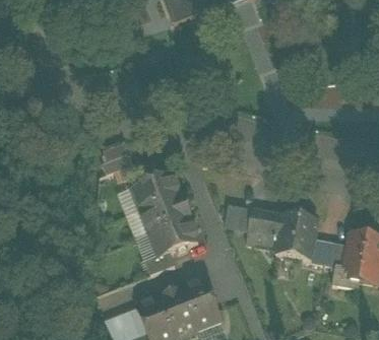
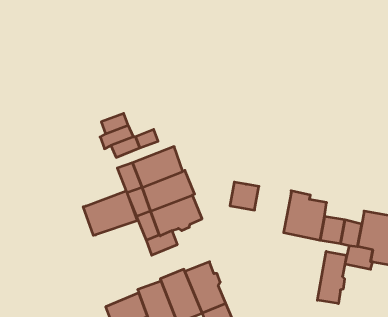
building: [247,208,281,235] -> none
building: none -> [83,191,137,235]
building: none -> [317,251,346,304]

